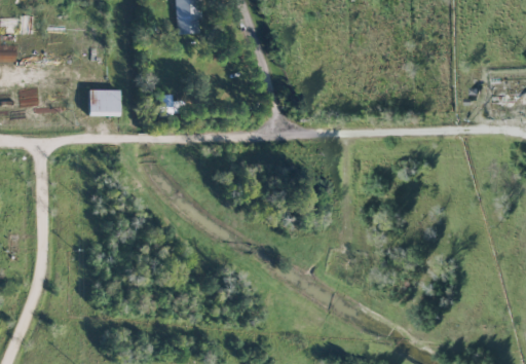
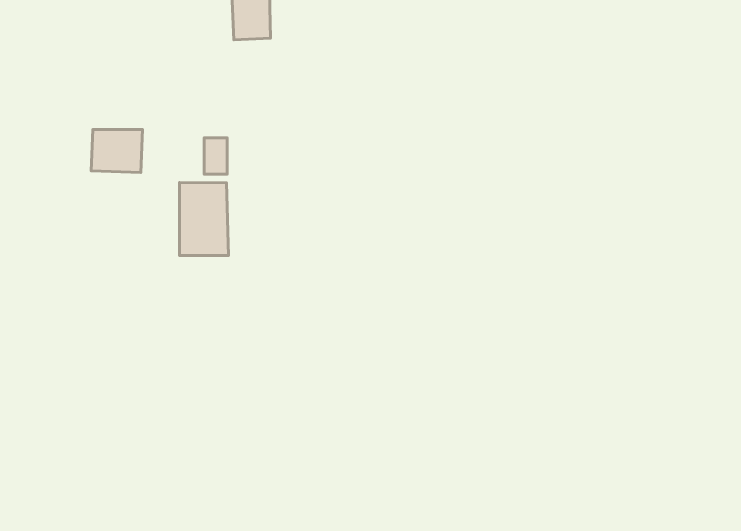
building: none -> [180,183,229,256]

